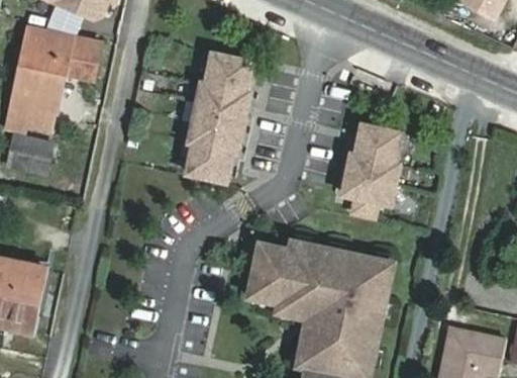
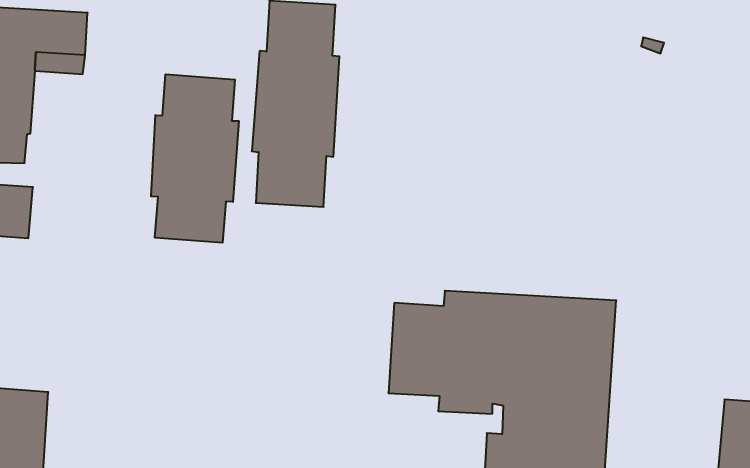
building: none -> [151,74,239,243]
building: [341,122,400,215] -> none

